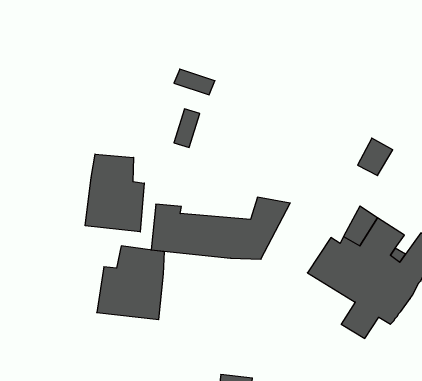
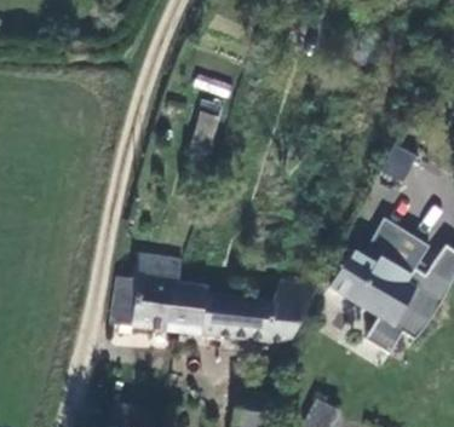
building: [85,154,144,232] -> none
building: [151,197,290,259] -> [174,277,318,341]

